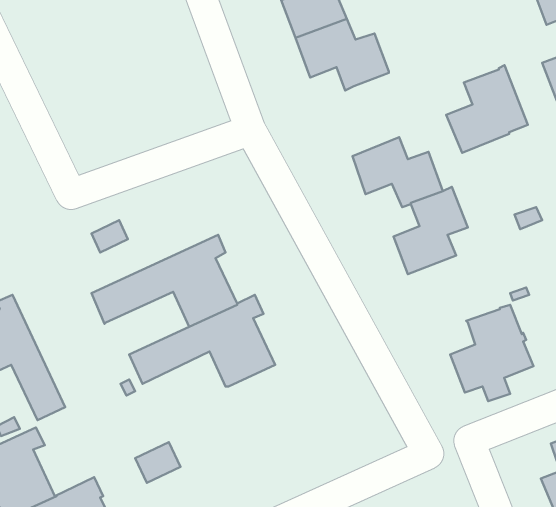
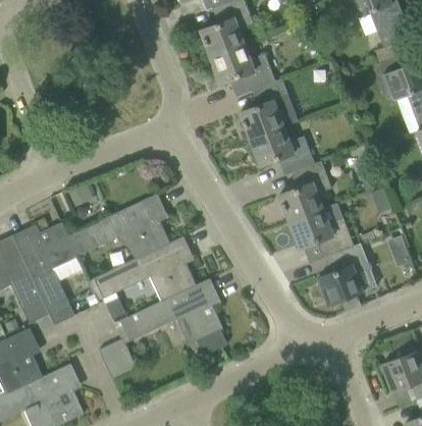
building: [446,65,528,153] -> [239,78,296,140]
building: none -> [288,209,353,258]
building: none -> [12,222,83,326]
building: none -> [119,279,226,356]

